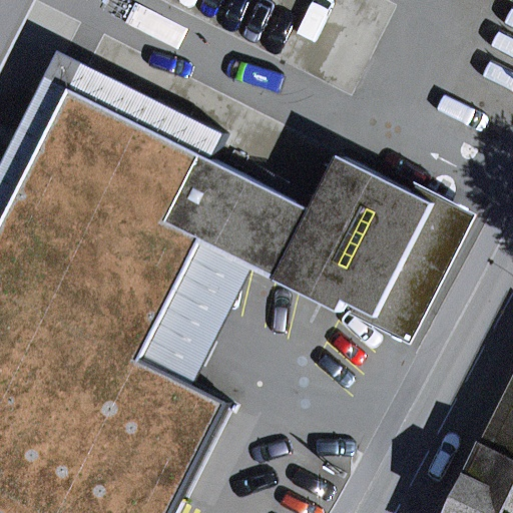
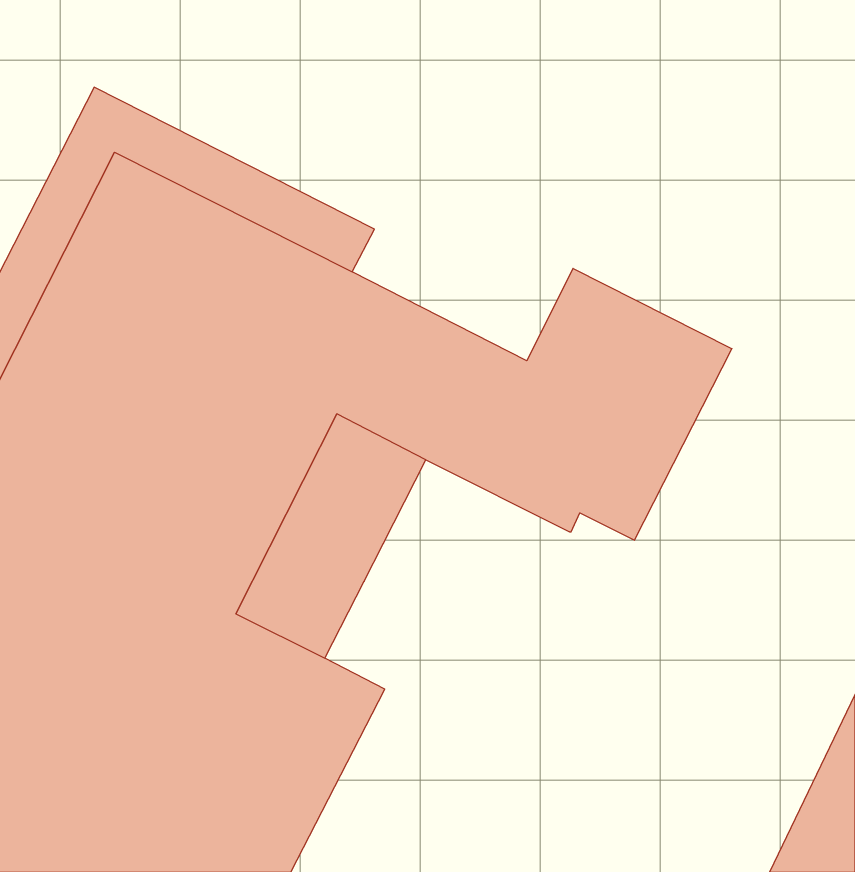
building: [372,204,466,336] -> none

